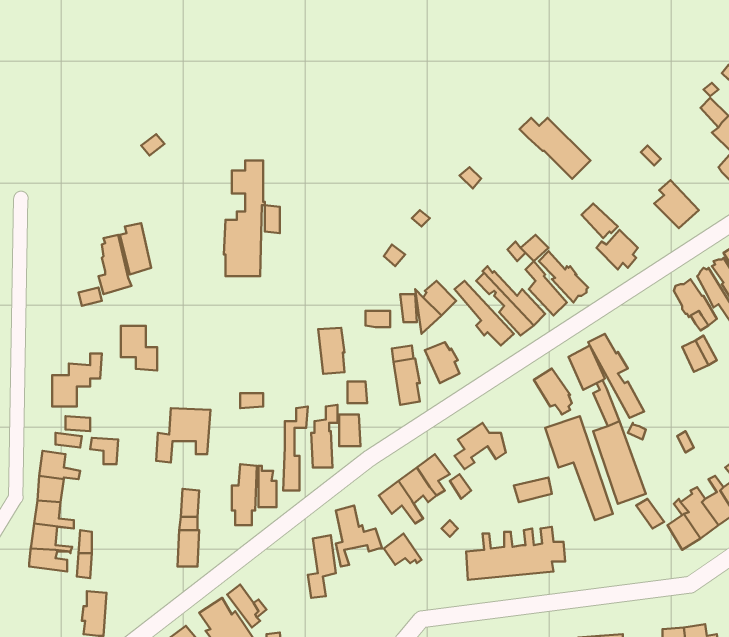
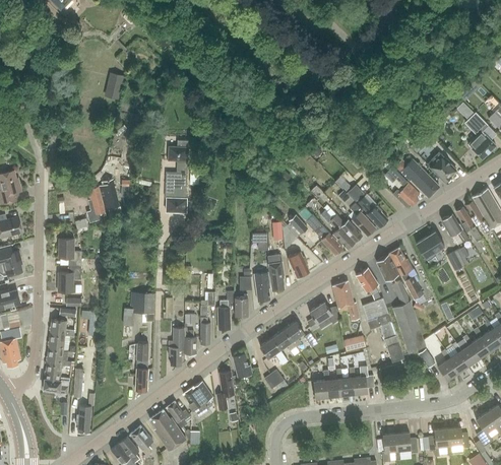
building: none -> [105,73,125,99]
building: [519,118,590,179] -> [395,159,439,197]
building: none -> [416,230,444,258]
building: [121,326,157,370] -> [59,239,81,266]
building: [318,328,345,374] -> [254,272,270,301]
building: none -> [331,280,359,321]
building: none -> [183,381,211,414]

